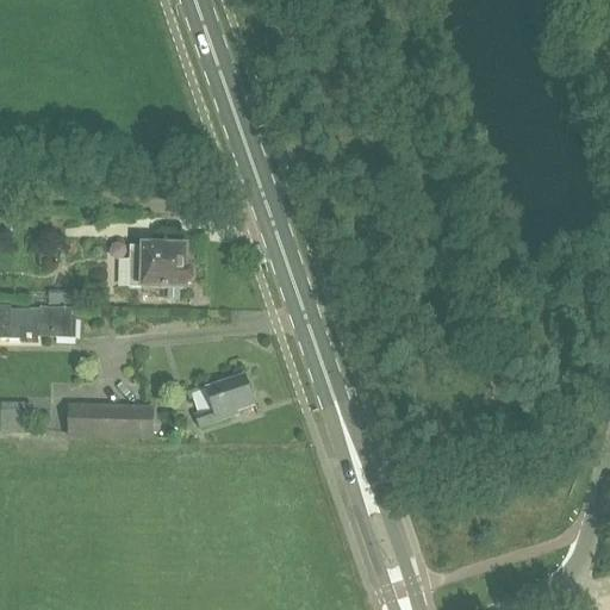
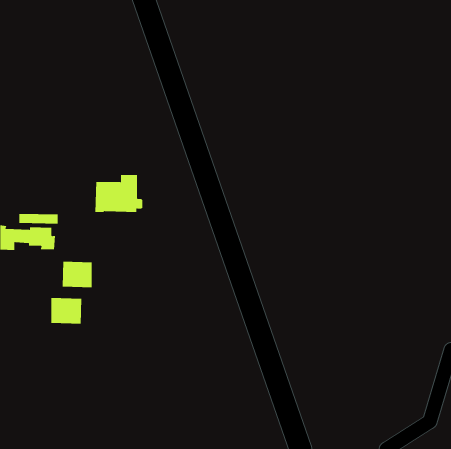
building: [194,373,253,425] -> none
building: [110,402,151,437] -> [62,261,93,288]

